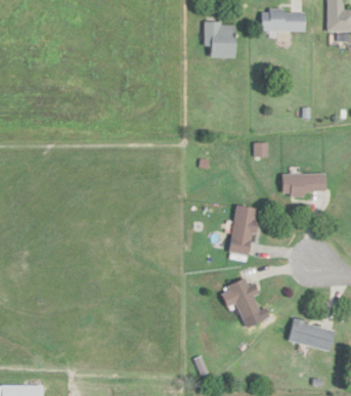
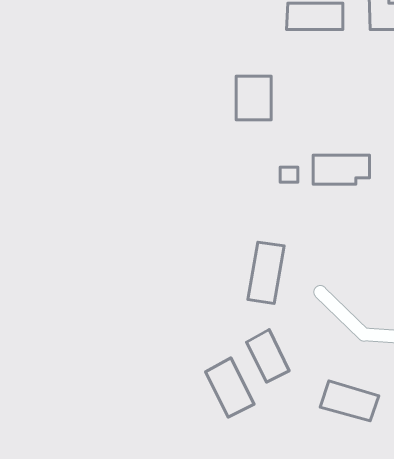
building: [206,23,234,58] -> [236,76,271,120]
building: [281,174,327,197] -> [313,155,370,184]
building: none -> [205,358,254,417]

